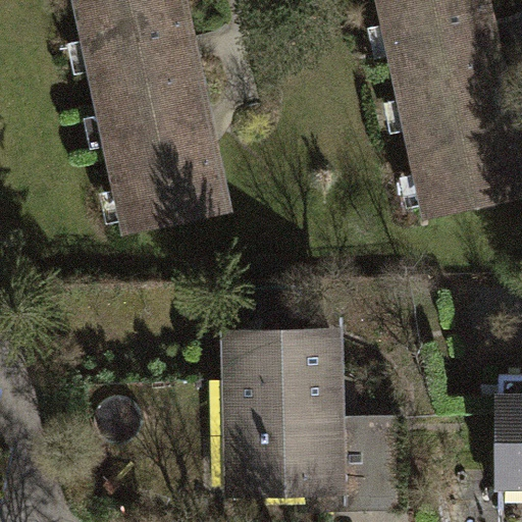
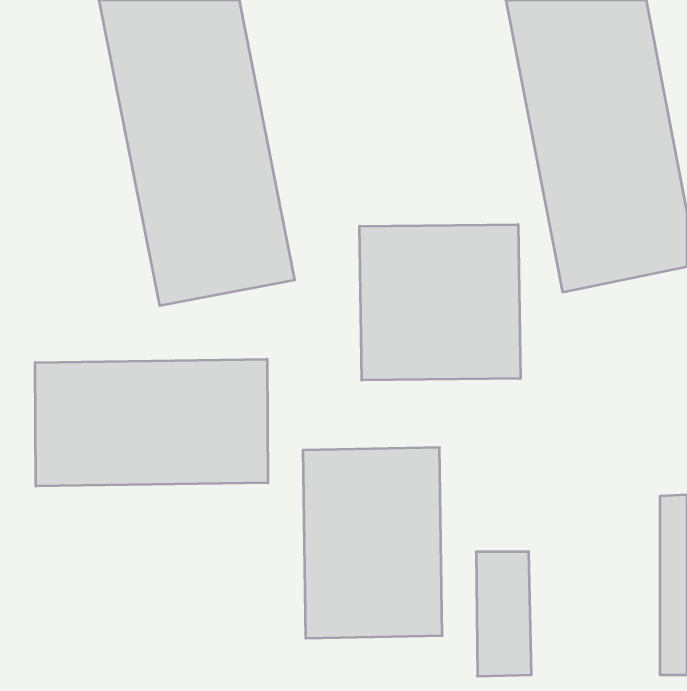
building: none -> [360,224,520,380]
building: none -> [35,359,268,486]

